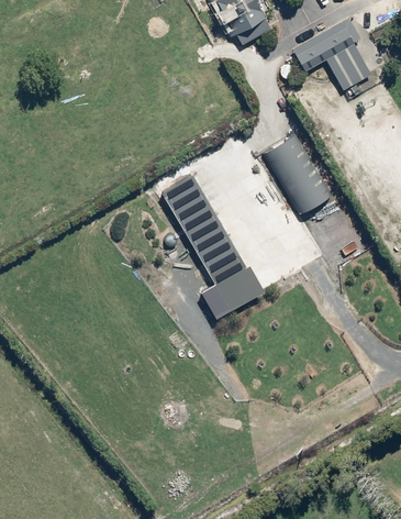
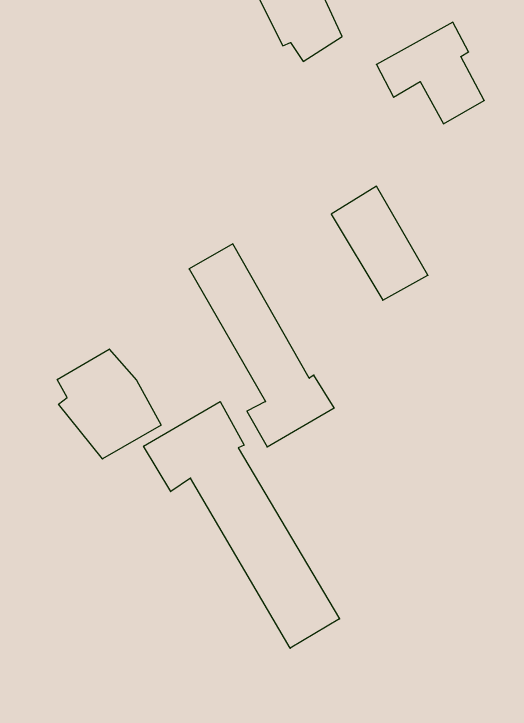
building: none -> [57,349,161,459]
building: none -> [144,402,340,648]

